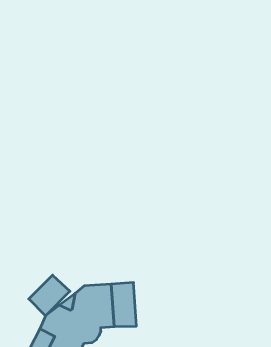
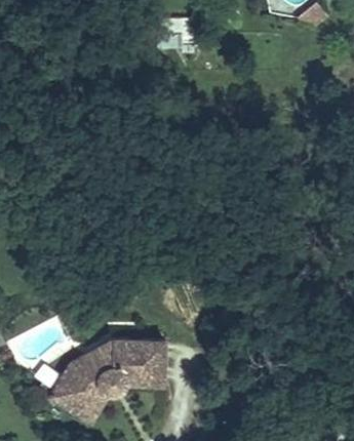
building: [29,275,70,316] -> none

